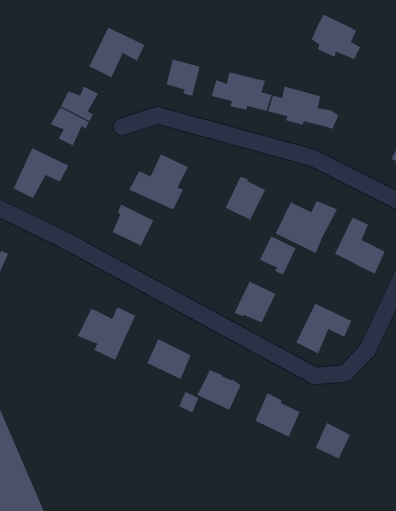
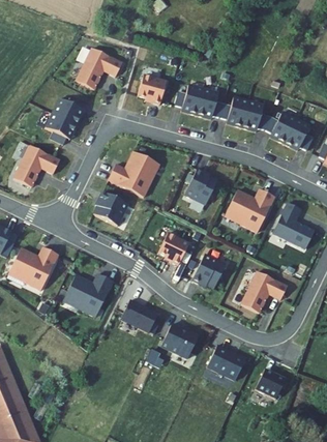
building: [311,14,361,60] -> [271,111,311,148]
building: [259,235,296,275] -> [159,231,189,263]
building: none -> [10,247,58,291]

